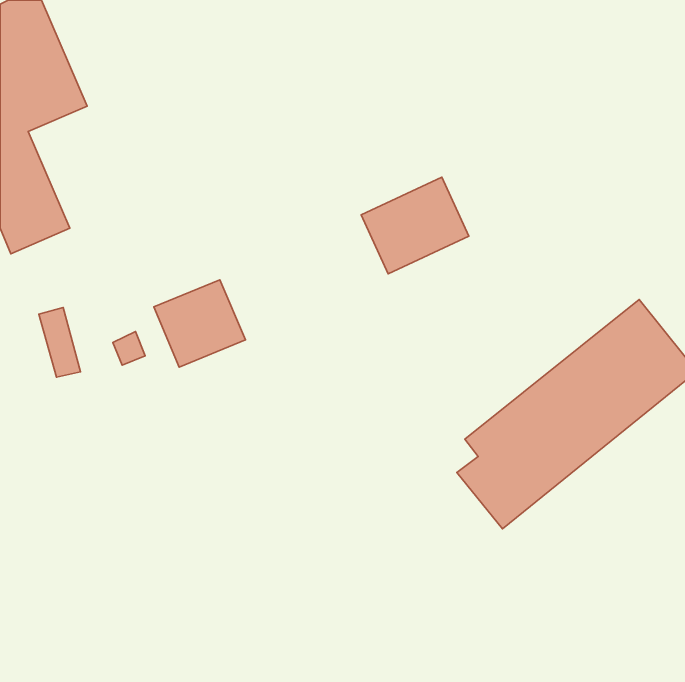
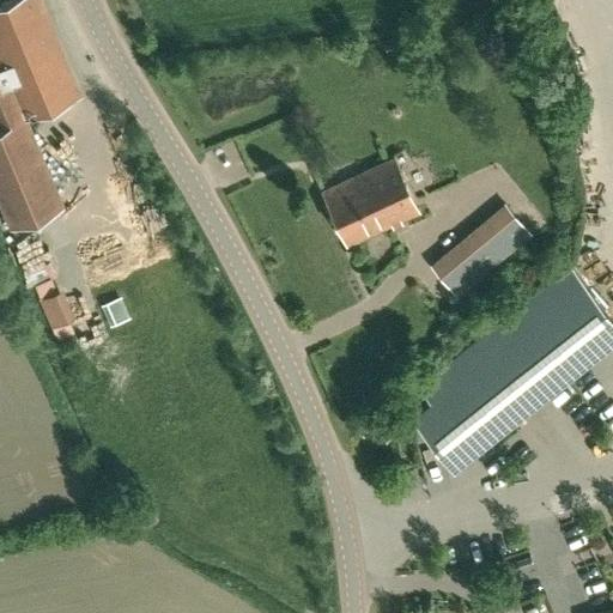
building: none -> [432,207,530,298]
building: [154,280,245,367] -> none

